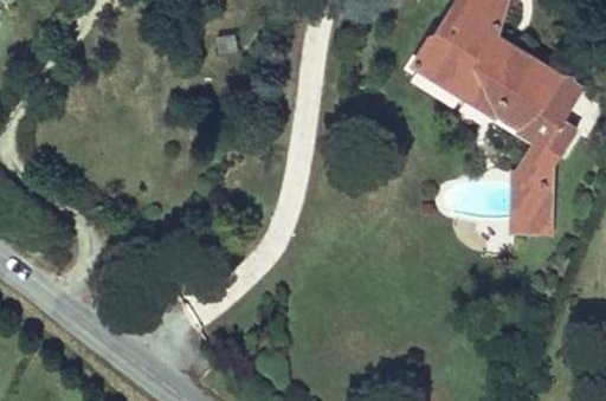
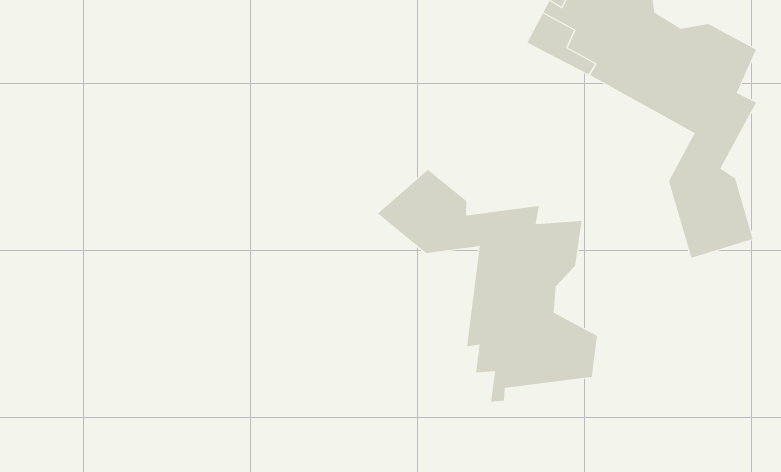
building: none -> [377,169,598,403]

